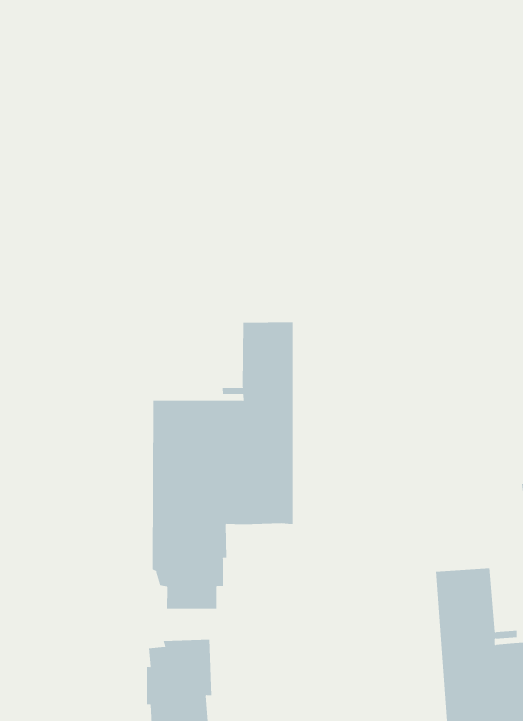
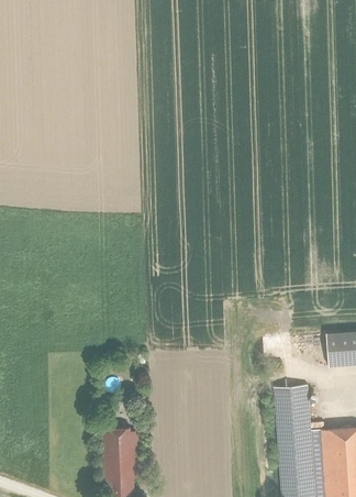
building: [152,322,293,610] -> none

